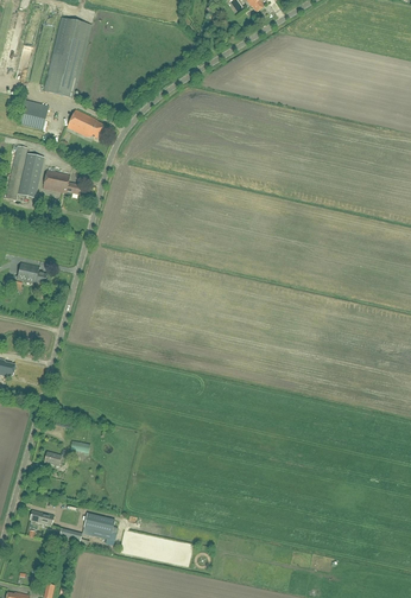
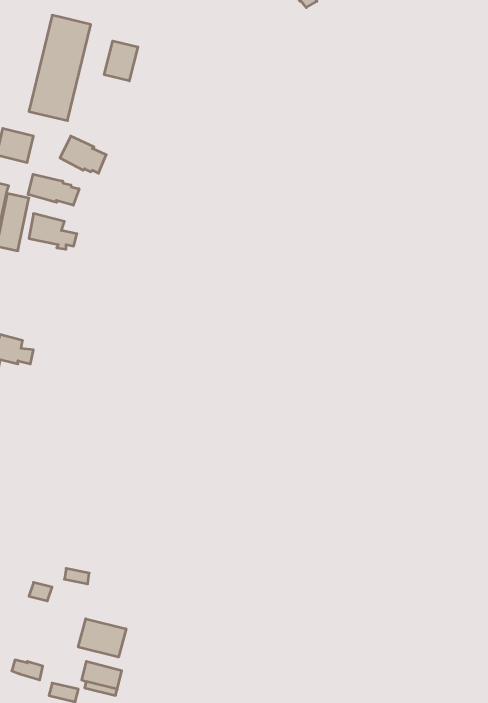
building: none -> [104,41,138,81]
building: none -> [28,174,79,205]
building: none -> [78,619,126,657]

